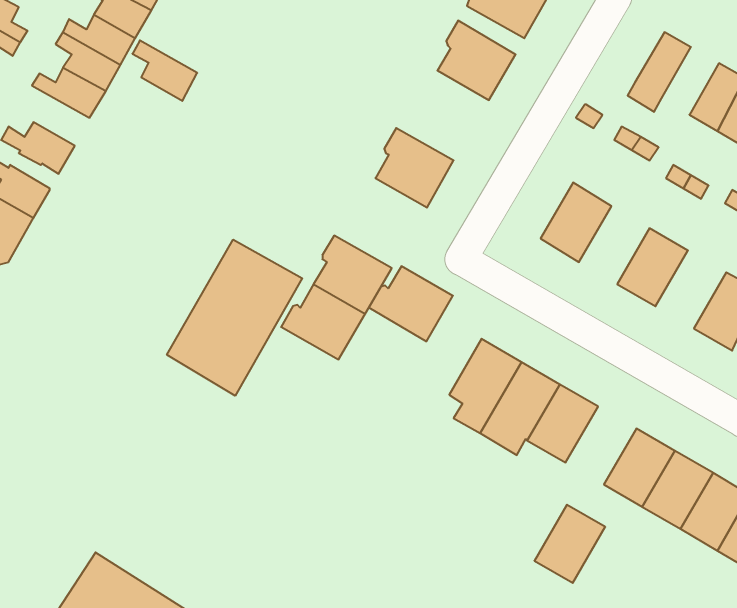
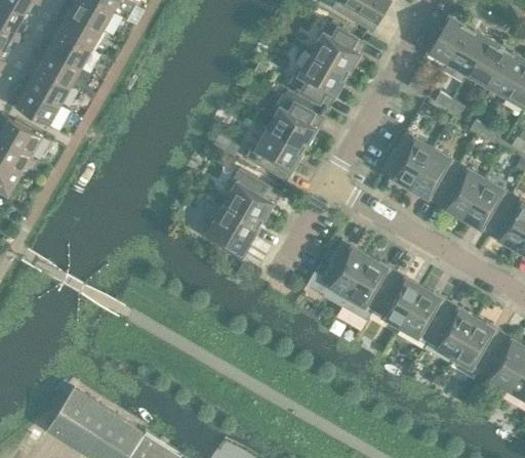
building: none -> [429,15,470,63]
building: [132,40,197,101] -> [25,65,70,107]
building: none -> [468,38,508,85]
building: none -> [289,54,348,107]
building: none -> [410,149,459,203]
building: [167,240,302,396] -> none
building: none -> [463,179,513,234]
building: [369,266,453,341] -> [246,129,305,181]
building: [534,505,605,583] -> [401,288,450,342]

